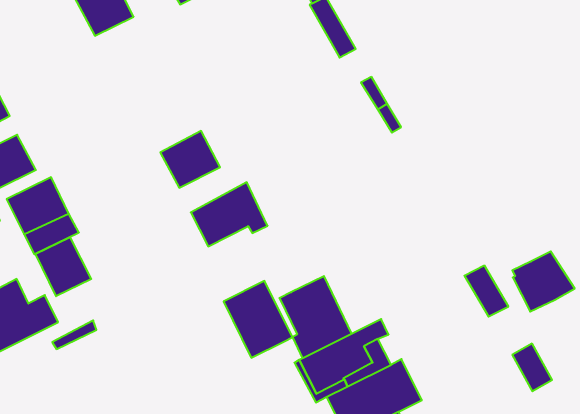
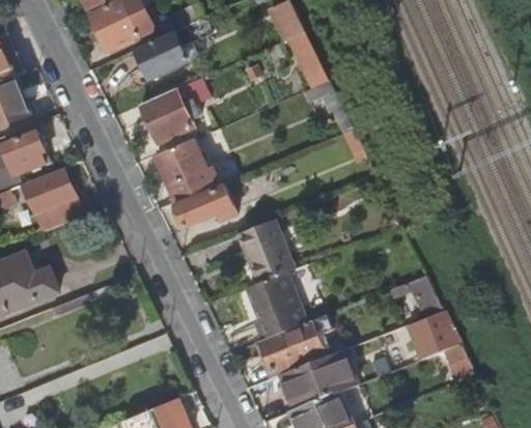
building: none -> [137,34,187,80]
building: none -> [141,89,200,144]
building: [36,237,91,296] -> none
building: [512,251,575,312] -> [406,310,457,360]
building: [224,281,292,358] -> [236,219,292,283]

